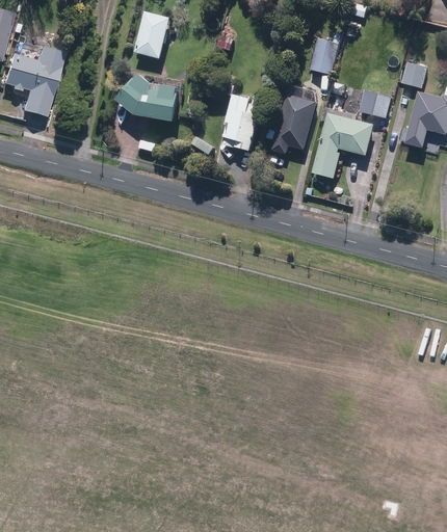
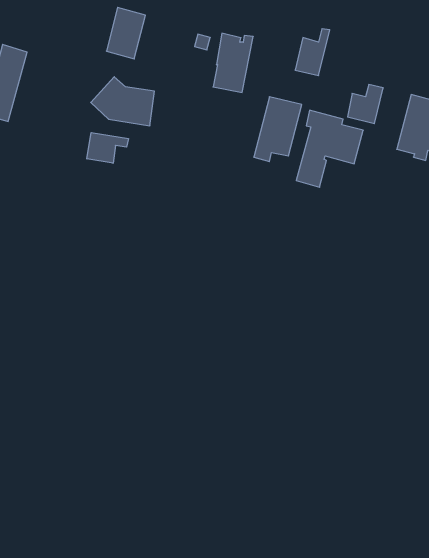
building: [400,61,425,88] -> none
building: [222,95,260,150] -> [213,33,253,92]
building: none -> [87,133,128,163]

